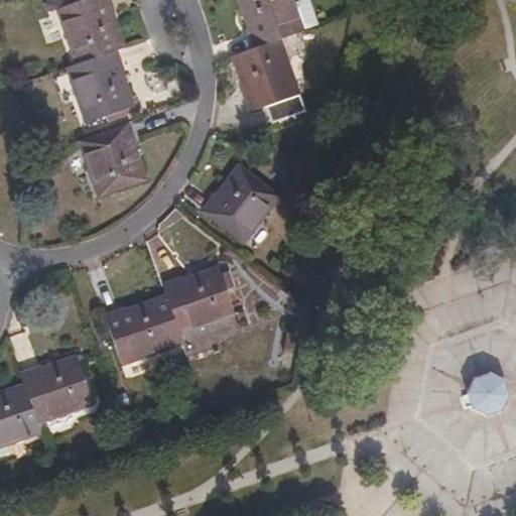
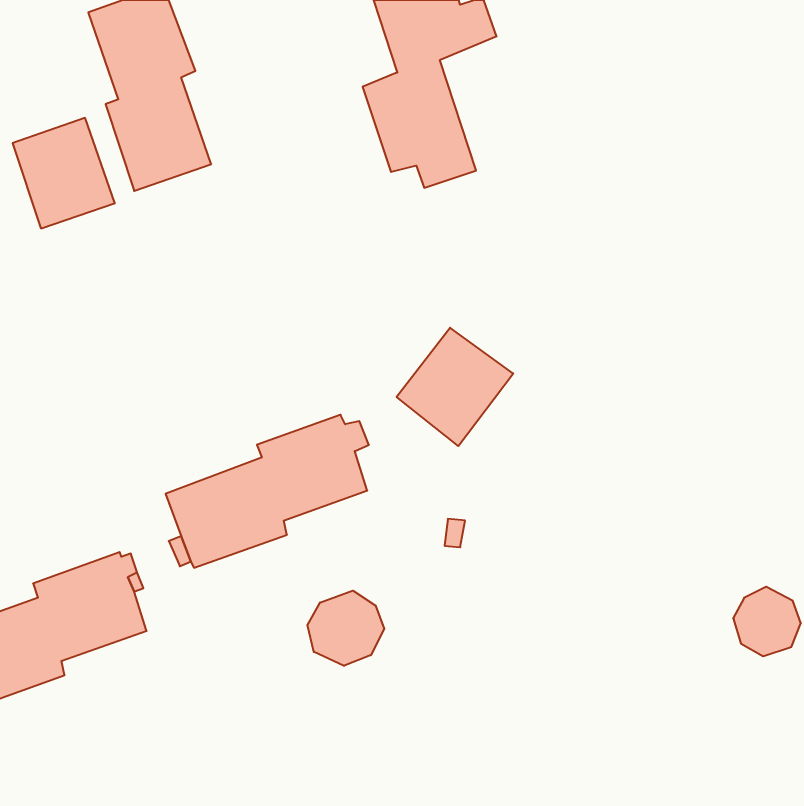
building: [80,124,145,195] -> [13,118,115,228]
building: [205,165,279,241] -> [397,328,513,446]
building: none -> [307,591,384,666]

